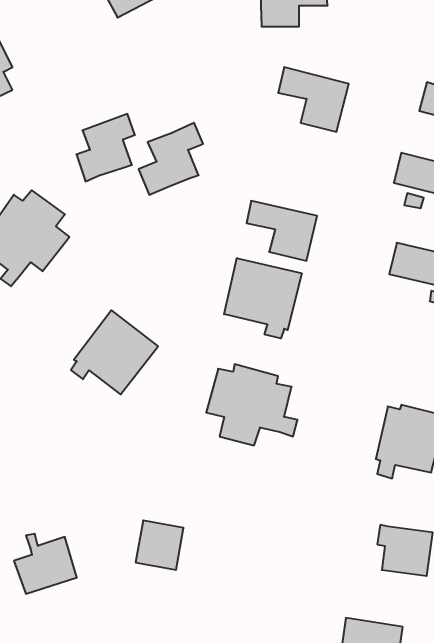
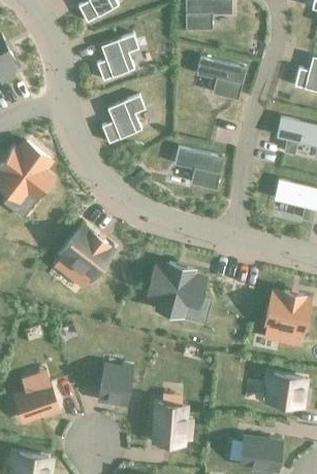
building: [76,114,135,181] -> [96,36,136,82]
building: [224,258,302,338] -> none
building: none -> [155,406,188,443]

